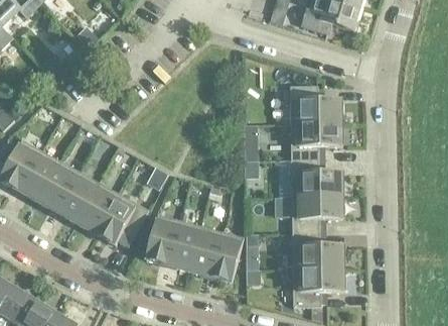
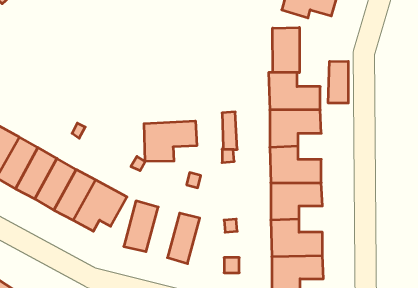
building: none -> [273,27,299,73]
building: none -> [328,61,348,103]
building: none -> [144,121,197,161]
building: [168,221,201,271] -> none
building: [209,232,244,284] -> none

